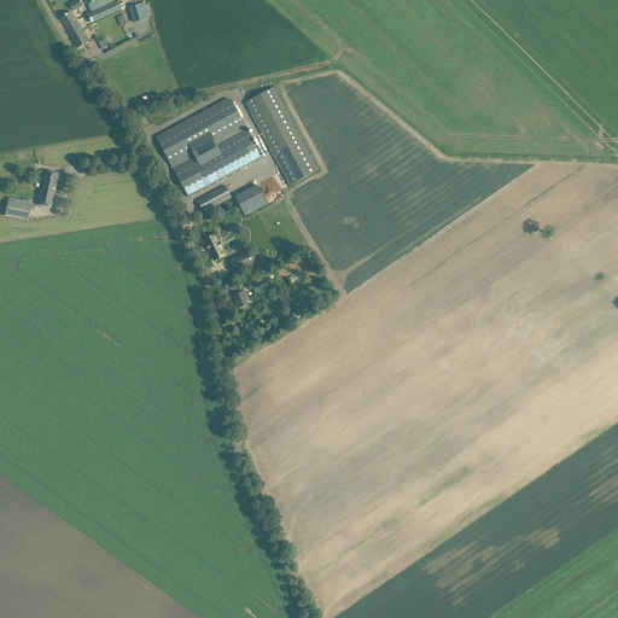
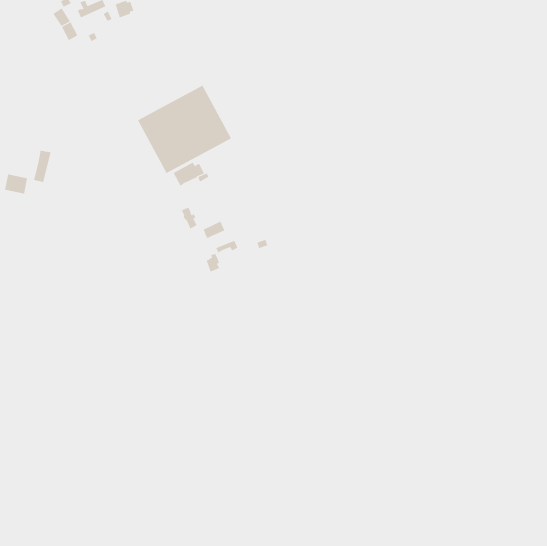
building: [244,84,317,183] -> none
building: [235,180,266,212] -> none

